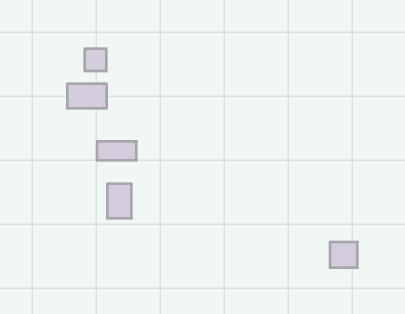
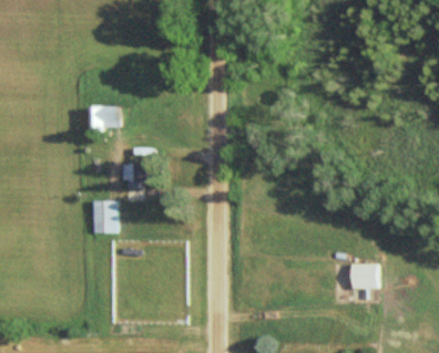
building: [85,49,106,71] -> none
building: [107,184,132,218] -> [91,200,115,235]

